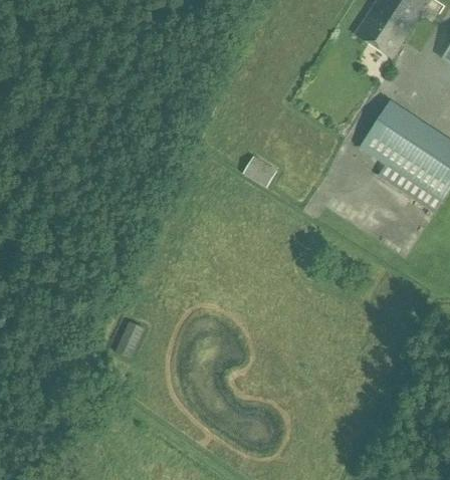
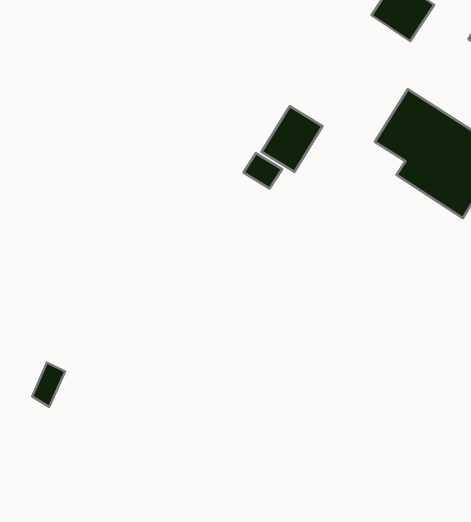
building: none -> [261,106,323,172]
building: [117,318,146,357] -> [32,362,65,407]

